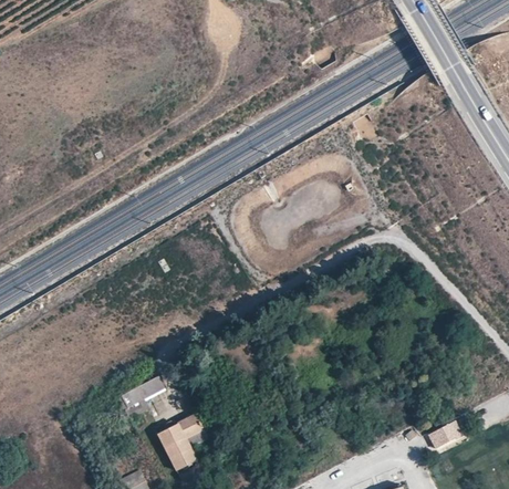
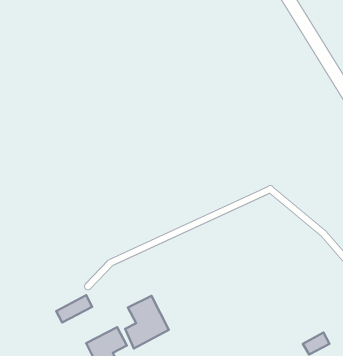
building: none -> [125,296,169,348]

